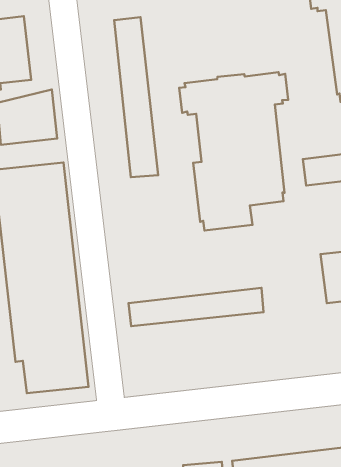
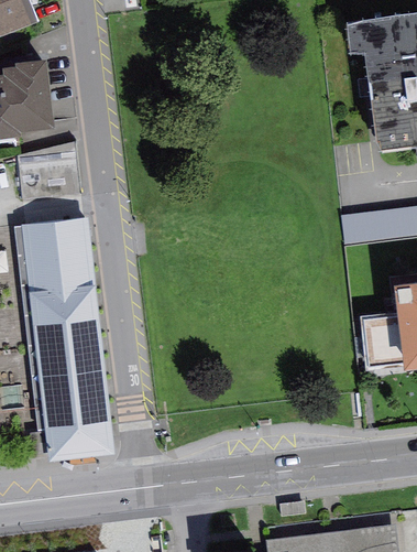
building: [114,17,158,177] -> none
building: [179,72,288,231] -> none
building: [129,288,263,326] -> none

